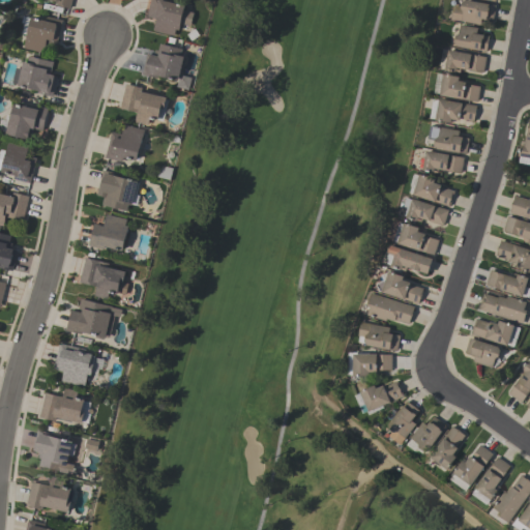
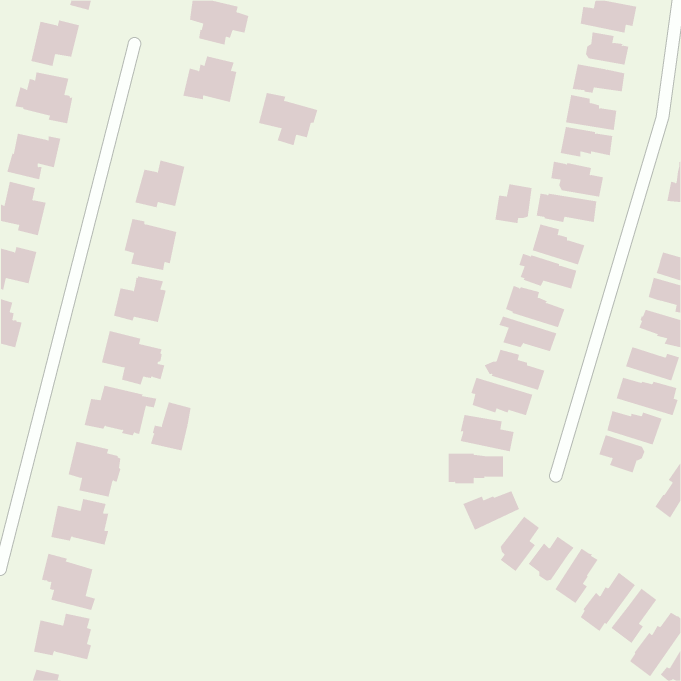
building: [120,84,167,125] -> [258,93,318,146]
building: none -> [495,184,532,224]
building: none -> [150,401,191,451]

